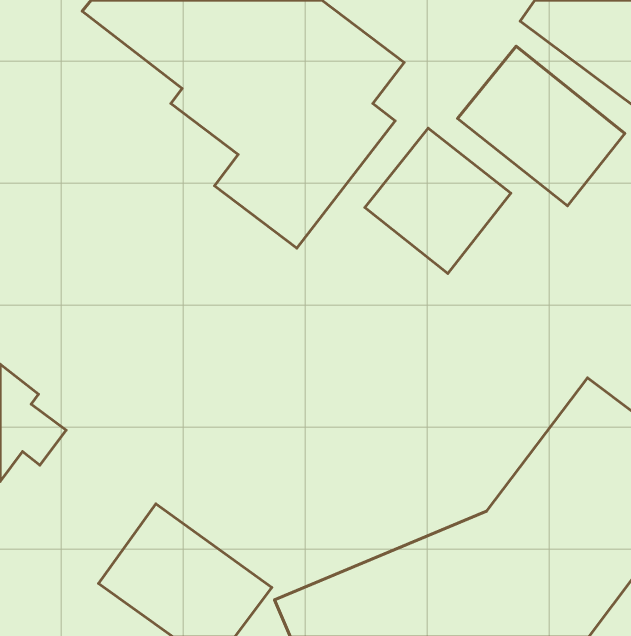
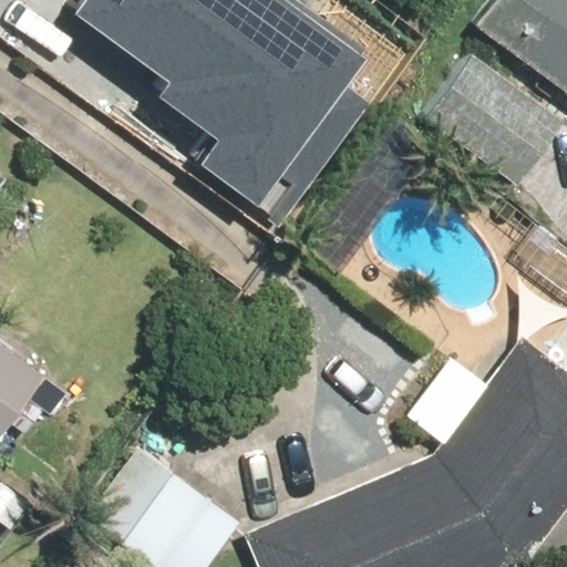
building: [365,128,511,273] -> none

